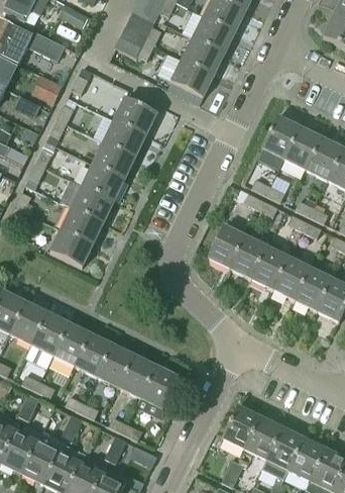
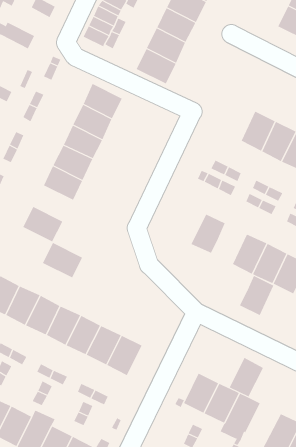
building: [260,115,298,158] -> none
building: [61,205,104,243] -> [42,242,83,278]
building: [207,224,245,268] -> none
building: [251,245,289,289] -> [239,275,274,316]
building: [288,437,325,480] -> [229,357,264,397]

